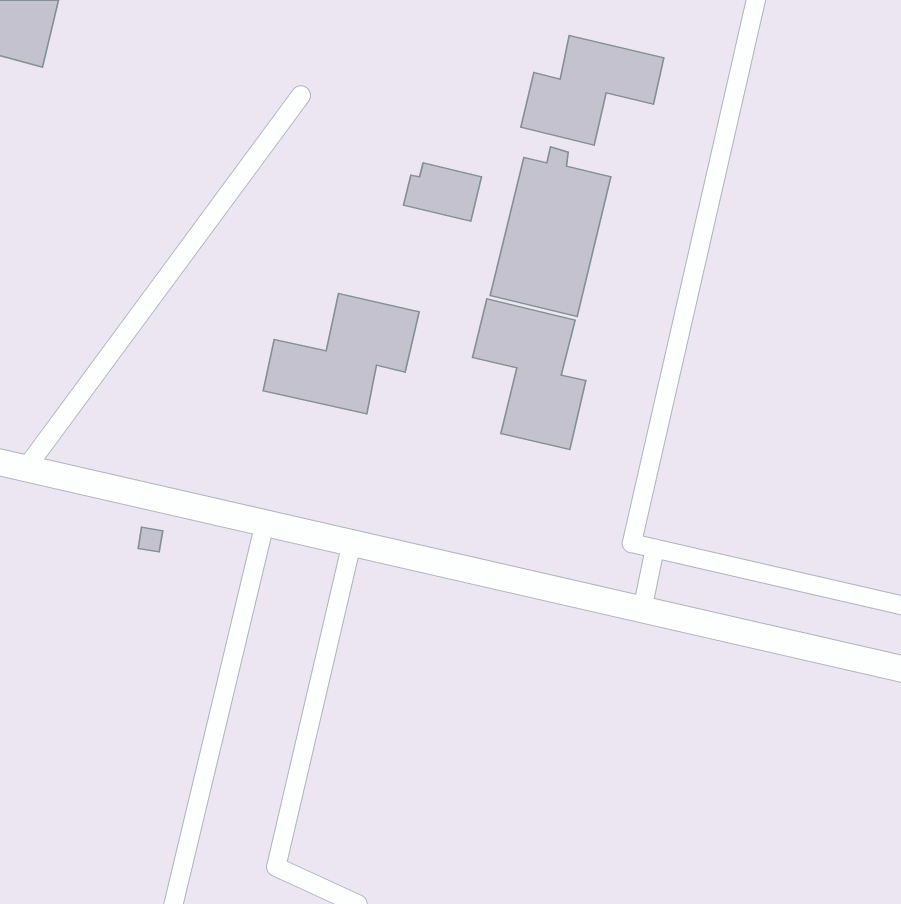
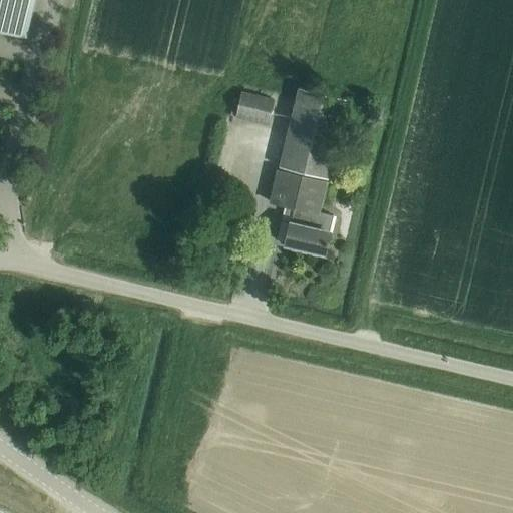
building: [521,35,664,145] -> none
building: [263,293,419,414] -> none

